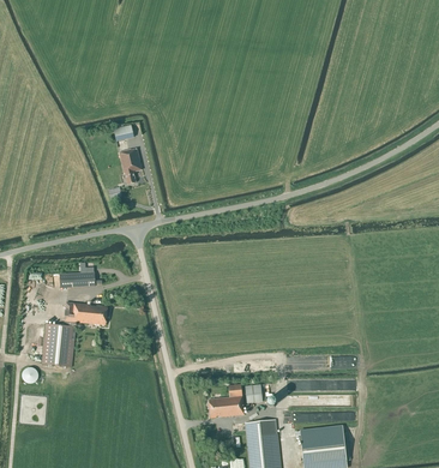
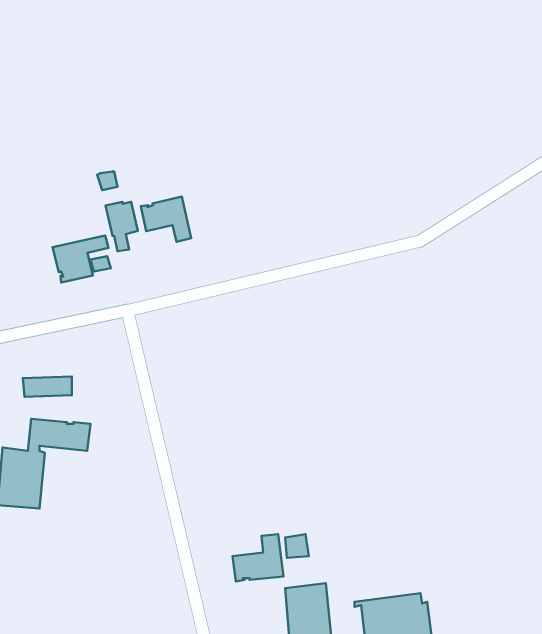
building: none -> [141,196,191,242]
building: none -> [53,235,108,282]

